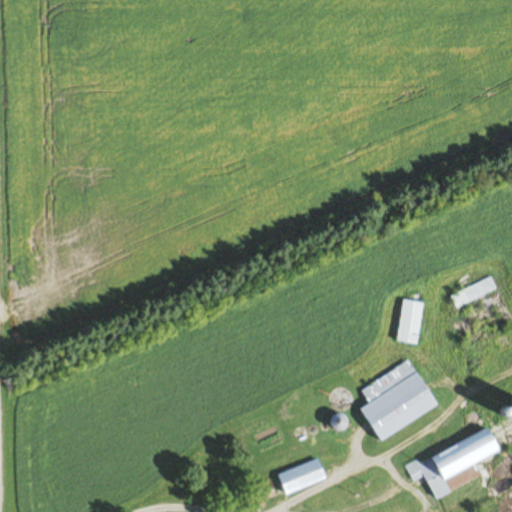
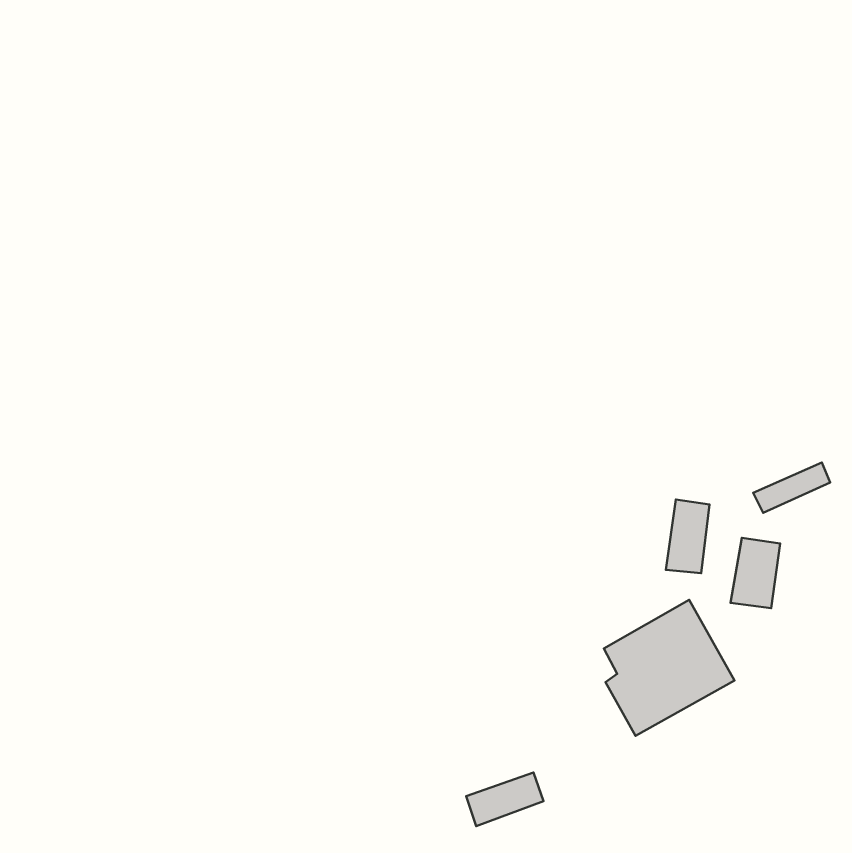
building: none -> [730,538,780,608]
building: [404,429,501,498] -> none

